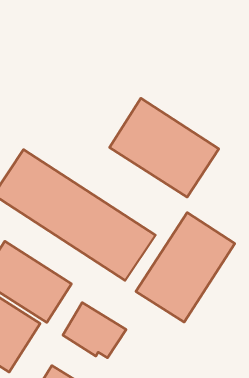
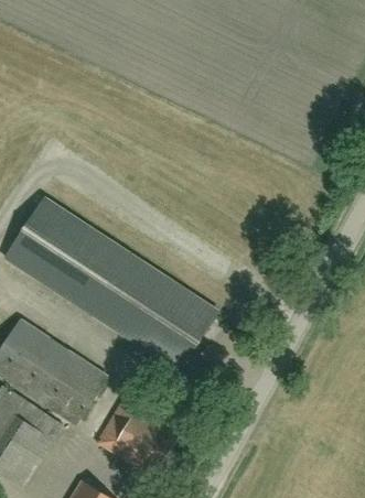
building: [110,98,219,197] -> none
building: [136,213,235,322] -> none

